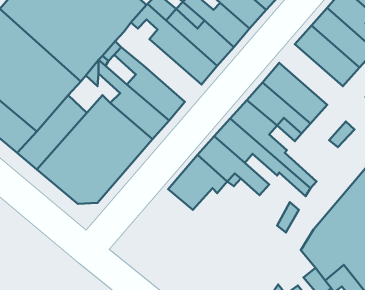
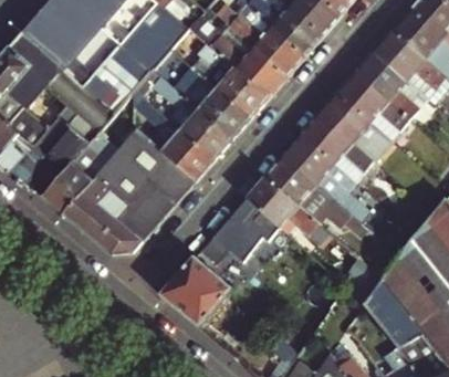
building: none -> [163,48,250,137]
building: none -> [337,72,409,140]
building: none -> [161,256,232,337]

